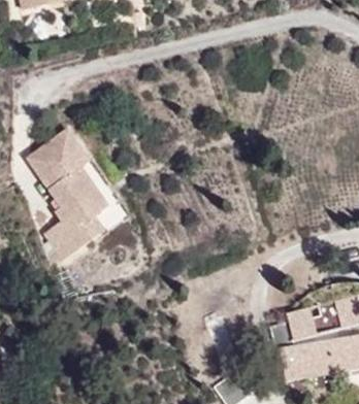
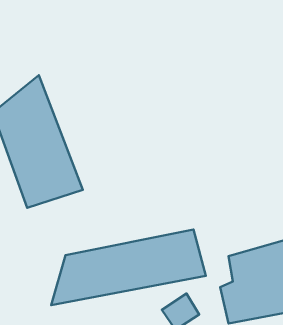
building: none -> [51,229,206,305]

